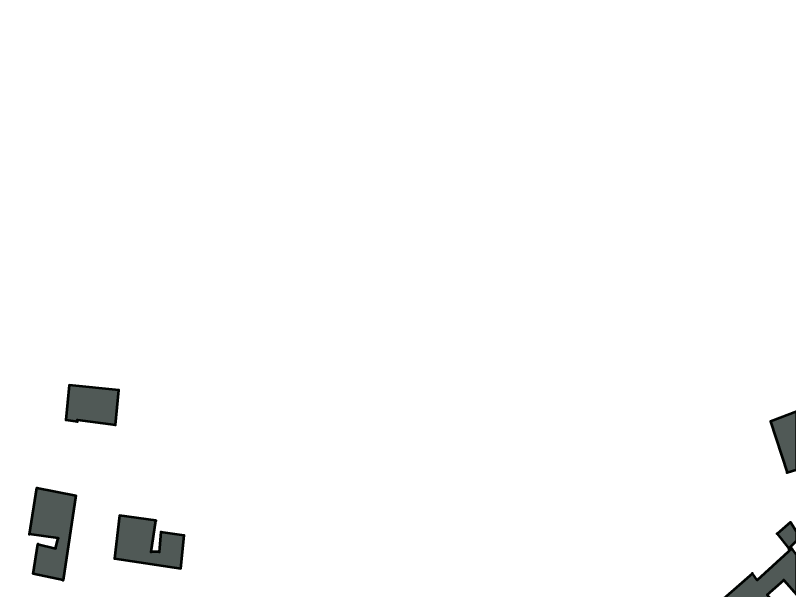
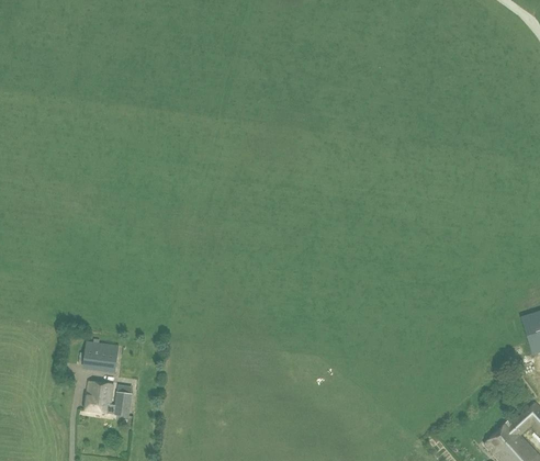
building: [66,385,119,425] -> [83,341,119,368]
building: [29,488,76,580] -> none

